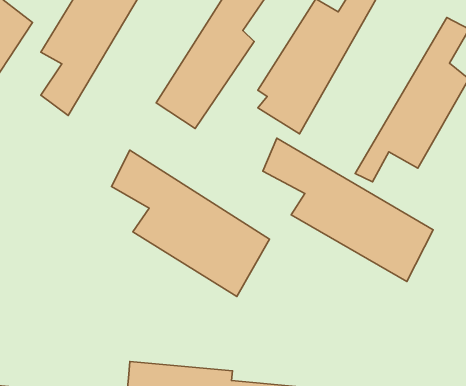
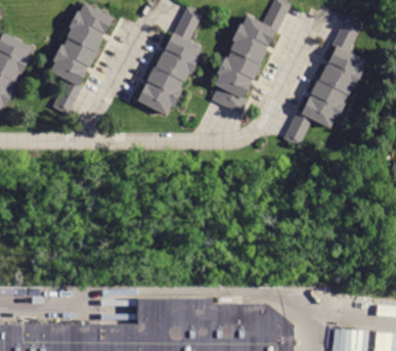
building: [263,138,433,281] -> none
building: [111,150,269,296] -> none

